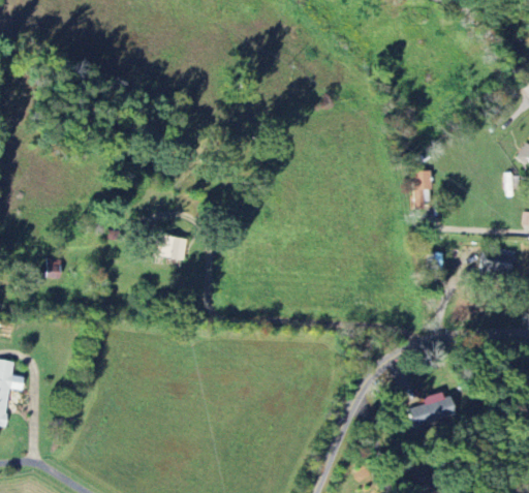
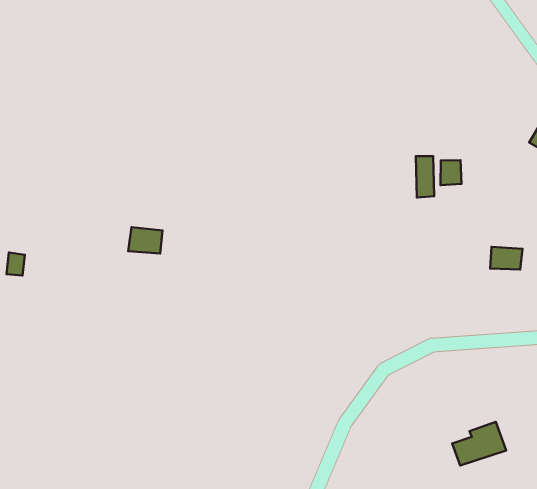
building: none -> [441,160,461,185]
building: [407,390,456,429] -> [452,422,506,465]

